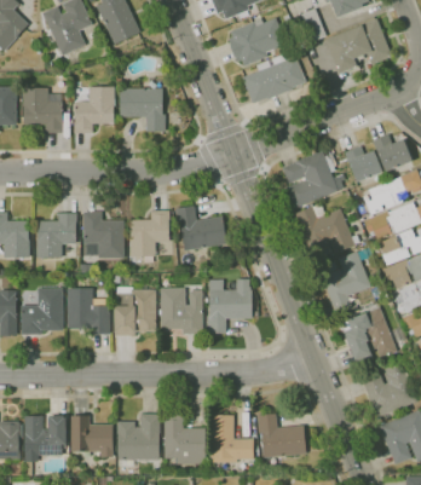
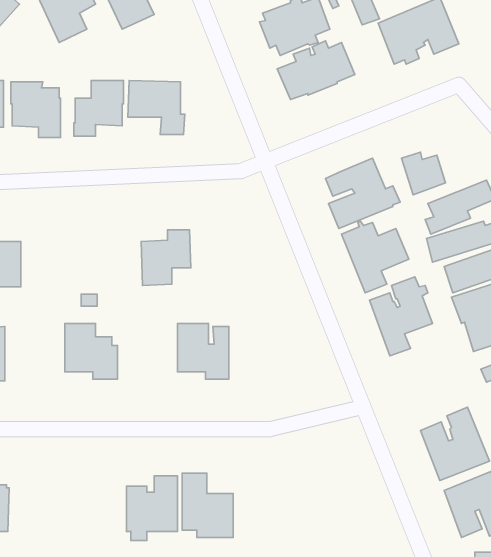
building: [371,133,411,172] -> none
building: [174,206,227,252] -> none
building: [83,212,123,258] -> none
building: [36,213,76,258] -> none
building: [207,279,252,334] -> none
building: [114,287,156,335] -> none
building: [21,288,63,335] -> none
building: [341,307,397,364] -> none
building: [256,414,306,458] -> none
building: [210,415,253,463] -> none
building: [24,416,67,462] -> none
building: [71,416,116,457] -> none

